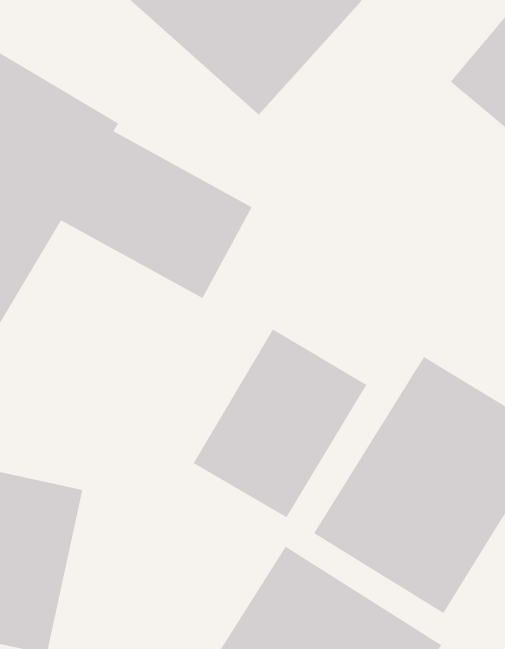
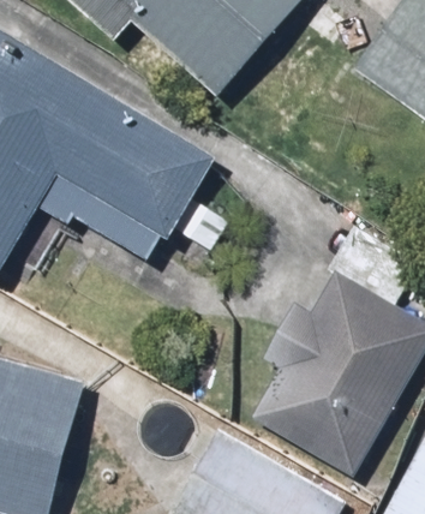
building: [193,329,367,518] -> none

